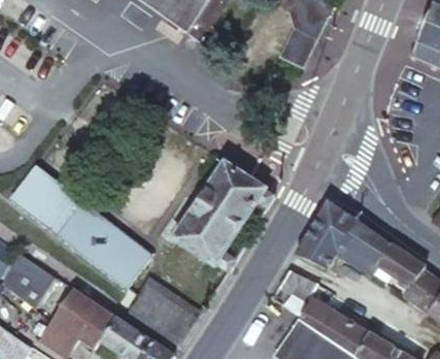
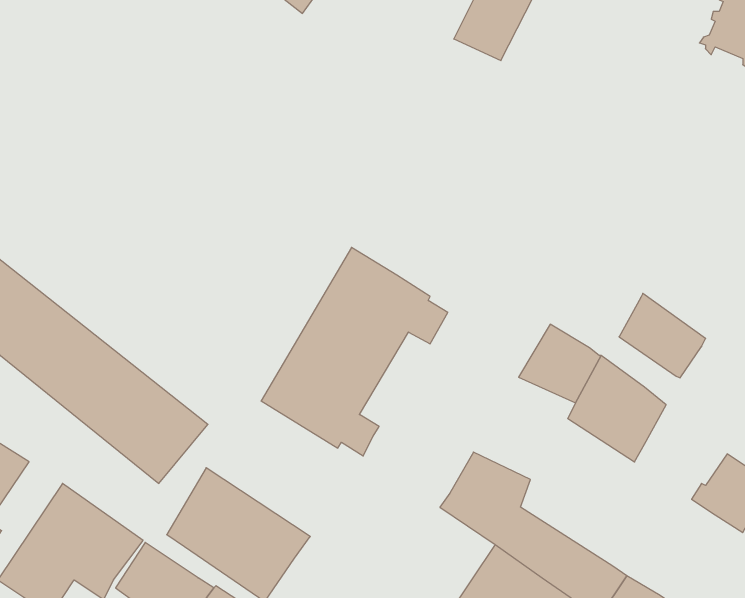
building: [298,229,342,267] -> none
building: [378,241,424,286] -> [619,293,706,378]

